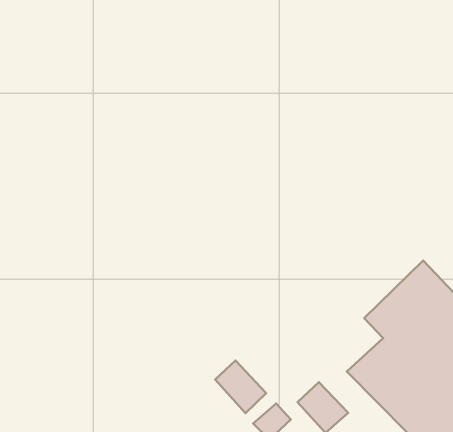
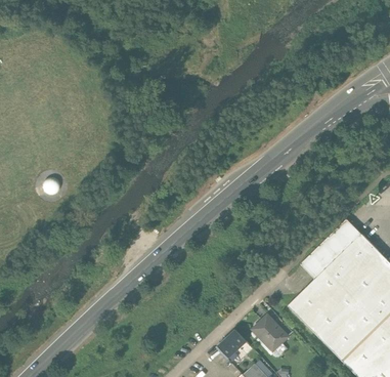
building: [215,361,266,413] -> none

